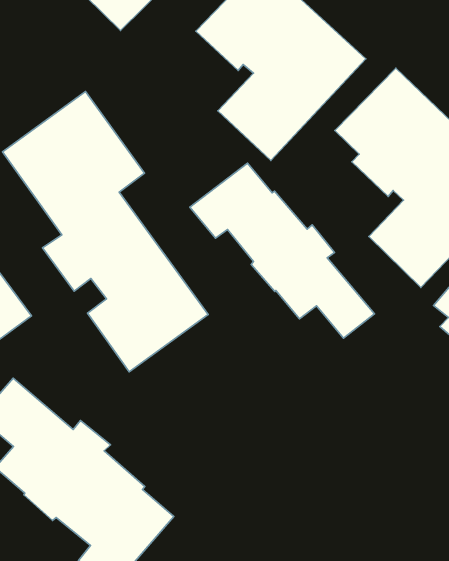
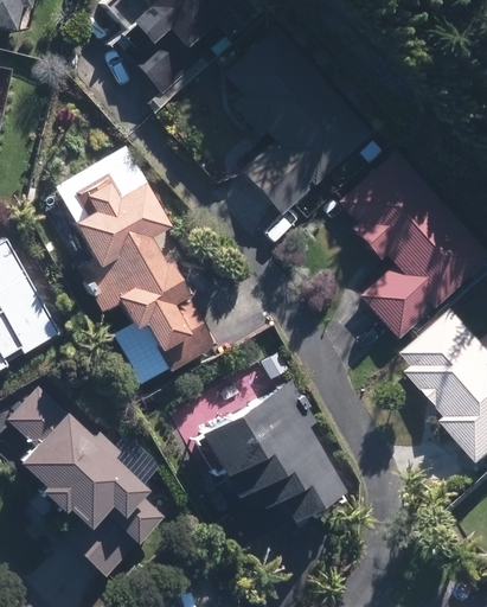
building: [190,163,375,338] -> none
building: none -> [193,376,339,515]

